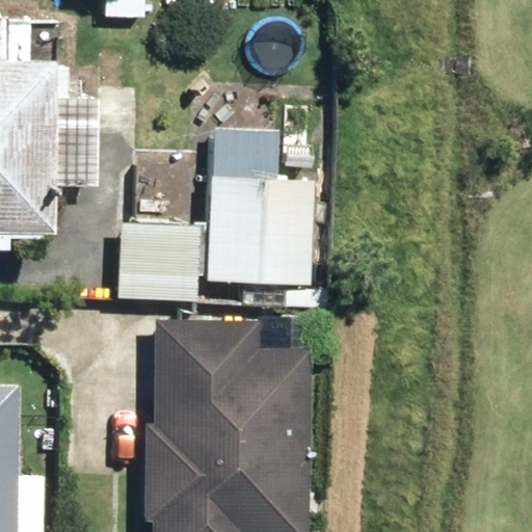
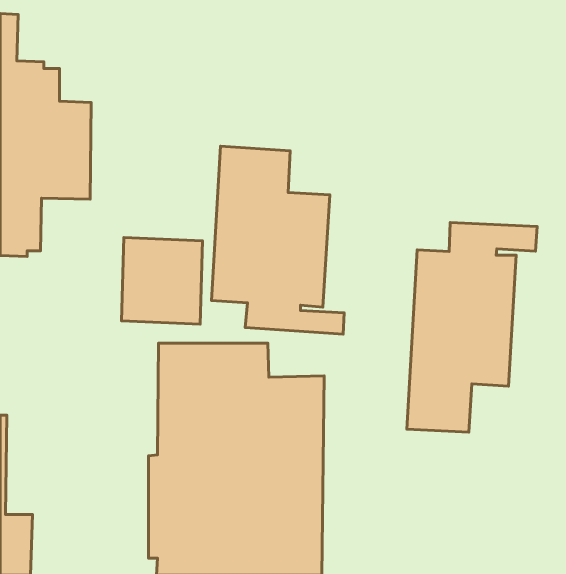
building: none -> [407,223,537,432]

